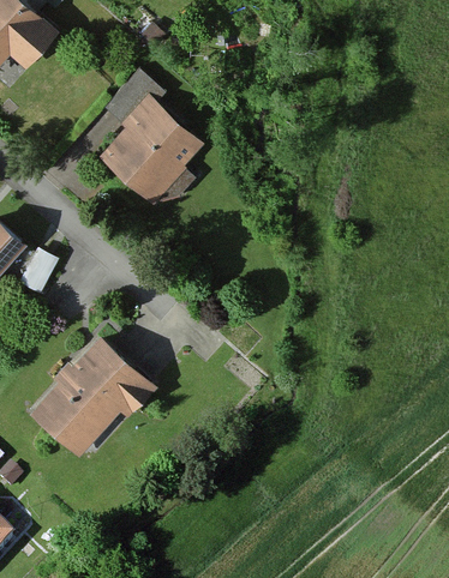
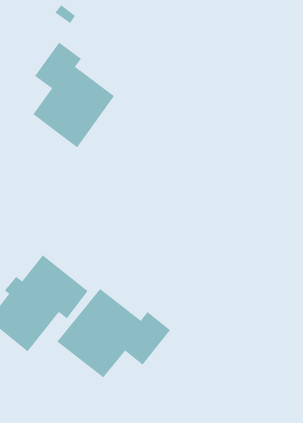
building: none -> [56,288,171,378]

